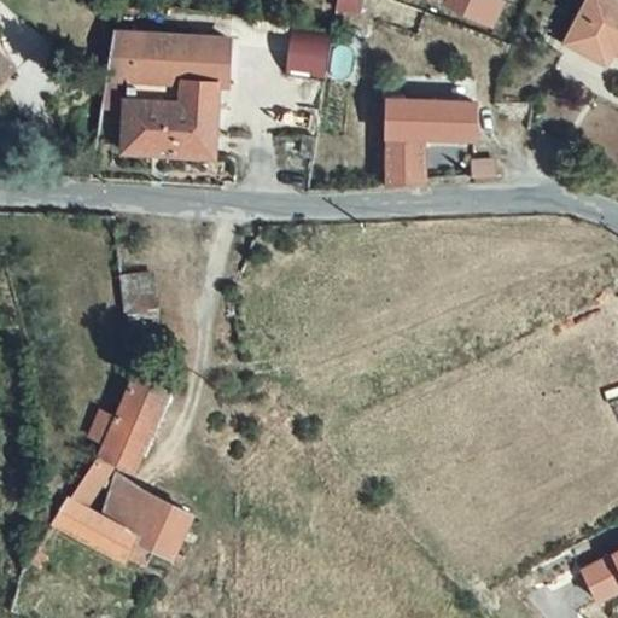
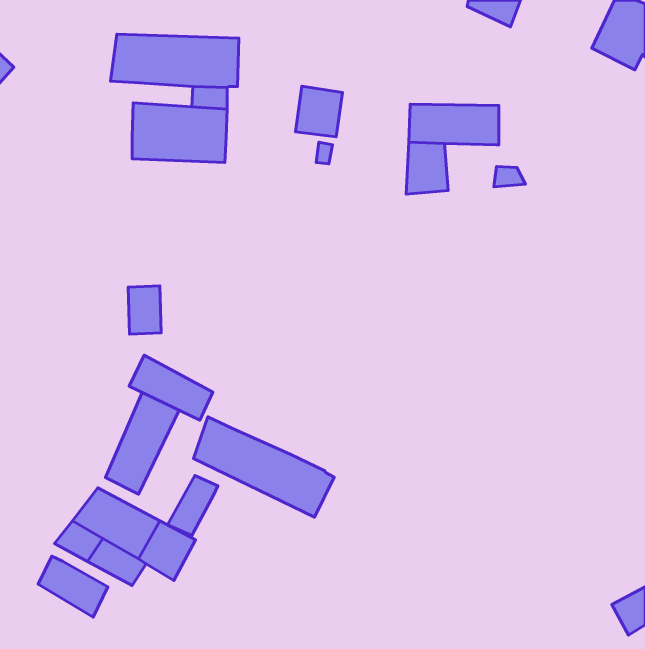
building: [287,28,332,76] -> [295,86,342,137]
building: none -> [129,355,213,420]
building: none -> [194,417,334,517]
building: none -> [167,475,218,535]
building: none -> [38,556,108,617]

